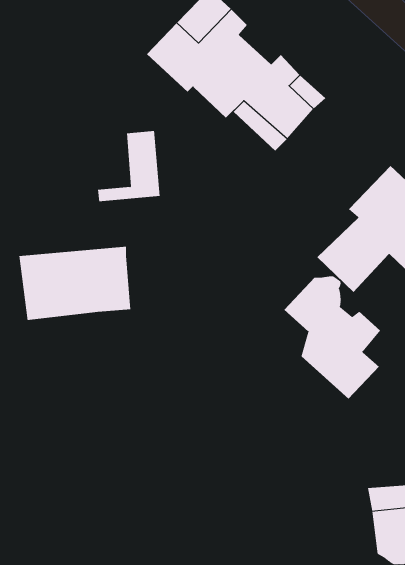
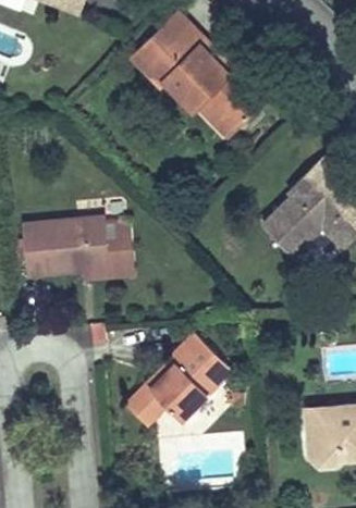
building: [97,130,160,202] -> [88,224,138,281]
building: [283,276,381,400] -> none
building: none -> [126,342,222,428]

